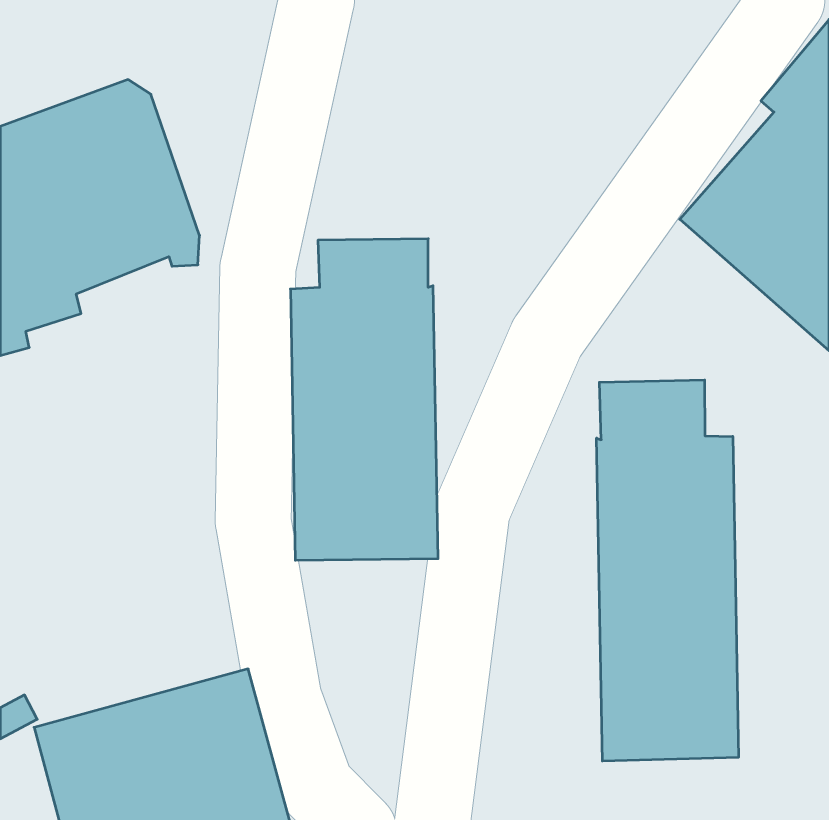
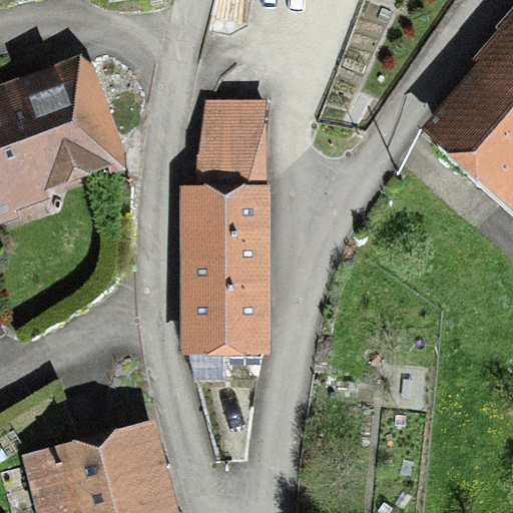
building: none -> [196,101,266,154]
building: [597,380,738,761] -> none

